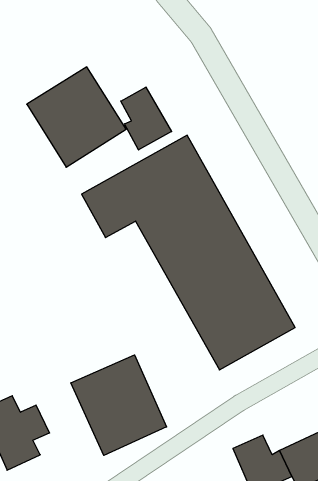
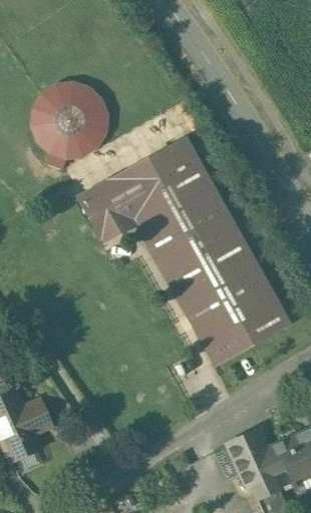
building: [121,87,172,150] -> none
building: [71,355,167,455] -> none

